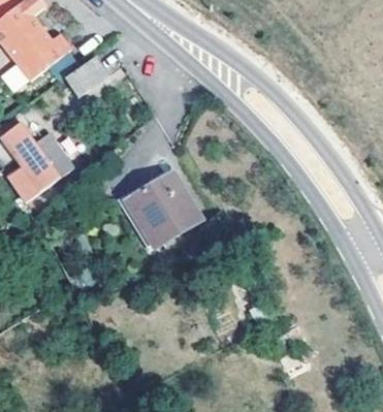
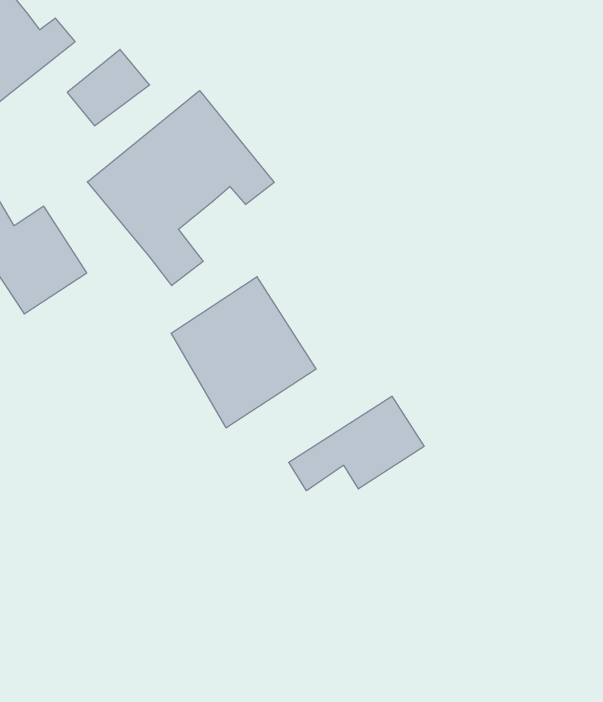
building: none -> [87,91,274,286]
building: none -> [289,396,424,491]

